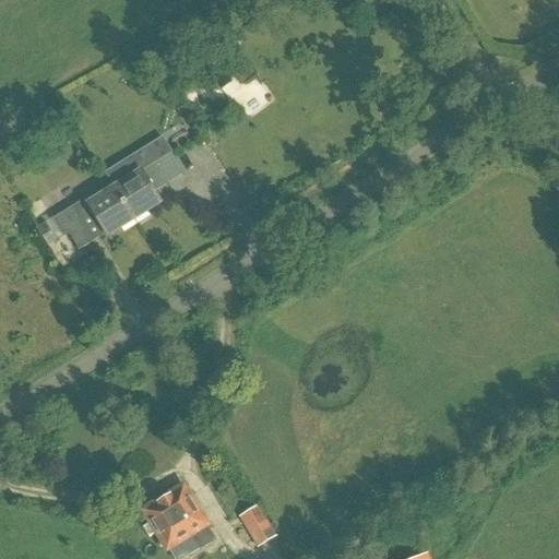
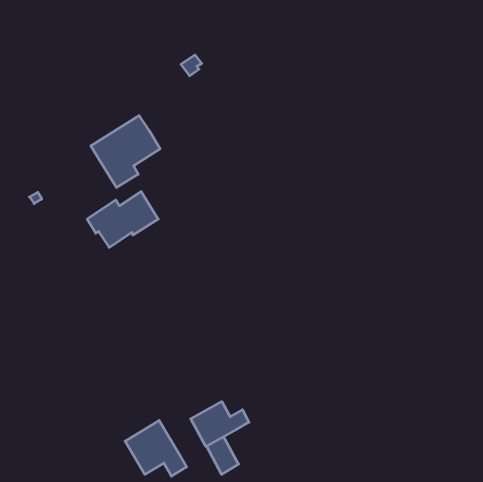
building: [52,185,134,249] -> [87,192,158,247]
building: none -> [191,402,249,446]

